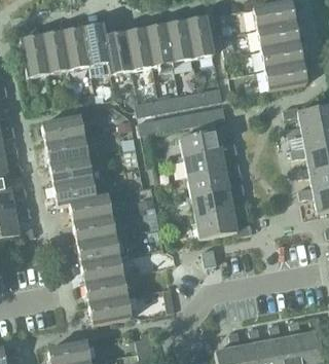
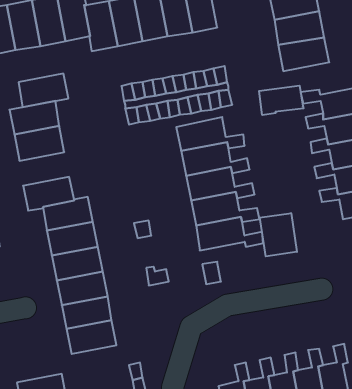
building: none -> [259,86,304,115]
building: [50,156,92,184] -> [19,74,68,107]
building: none -> [260,213,297,256]

